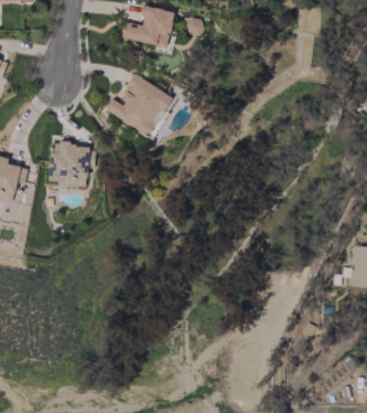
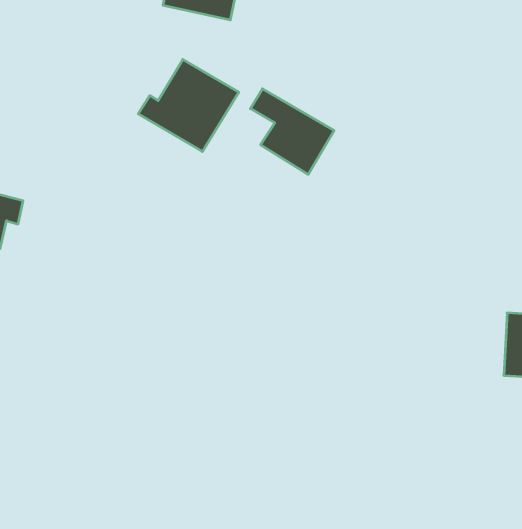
building: none -> [250,89,334,174]
building: [48,144,95,187] -> none

